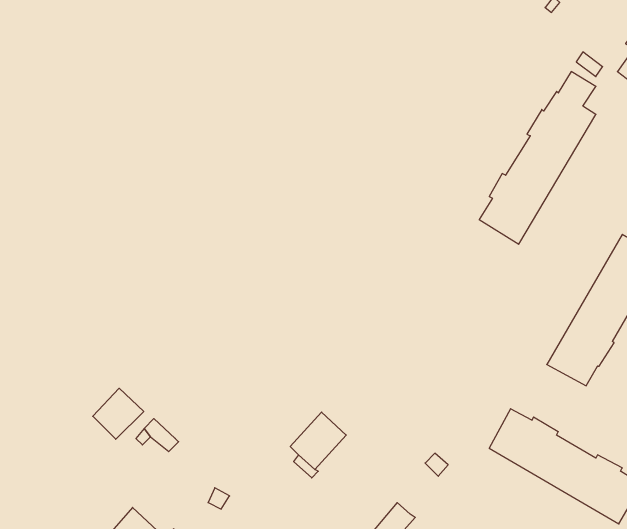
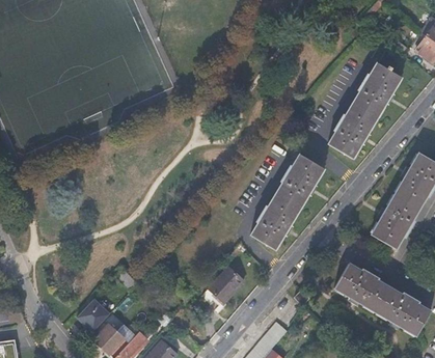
building: none -> [250,153,324,250]
building: [93,388,144,439] -> [78,300,110,332]

